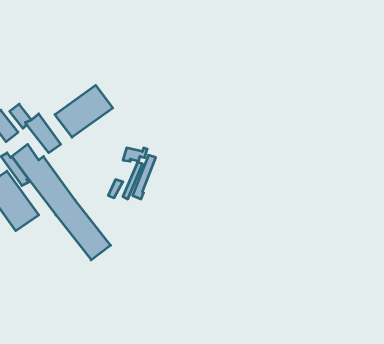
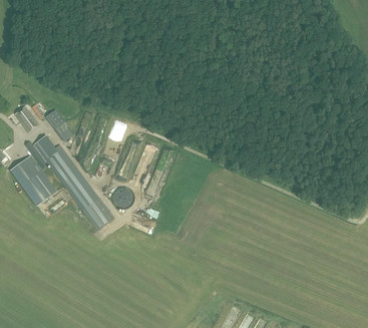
building: [55,85,113,137] -> none
building: none -> [110,187,132,209]

